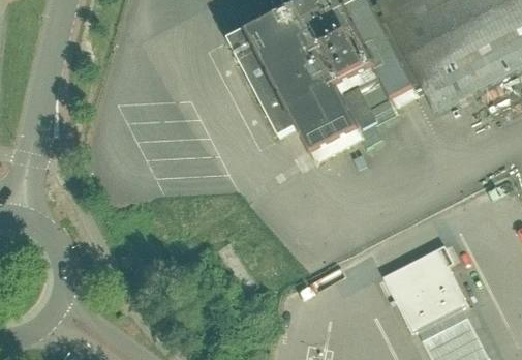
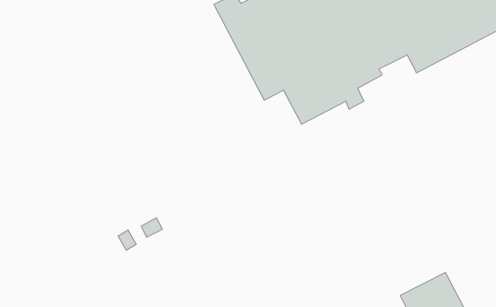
building: [382,243,468,332] -> none

